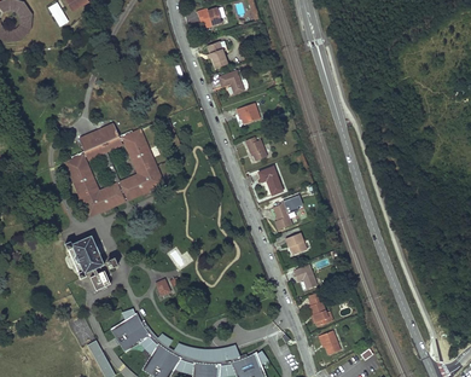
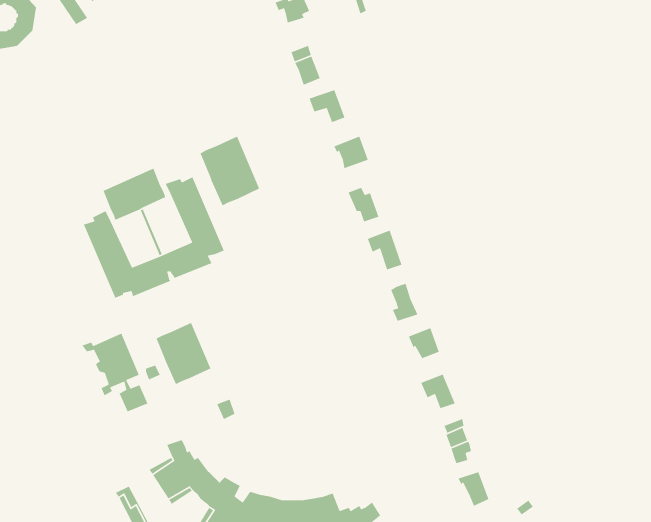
building: none -> [199,136,260,206]
building: none -> [155,322,212,385]

